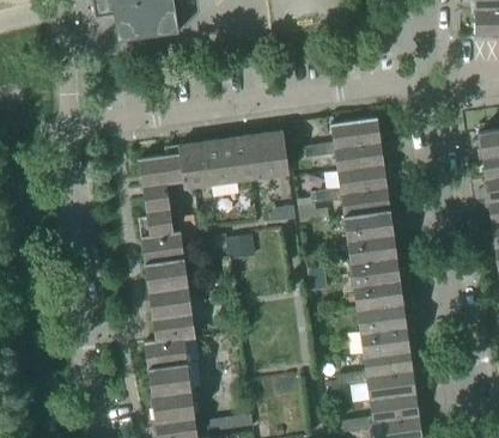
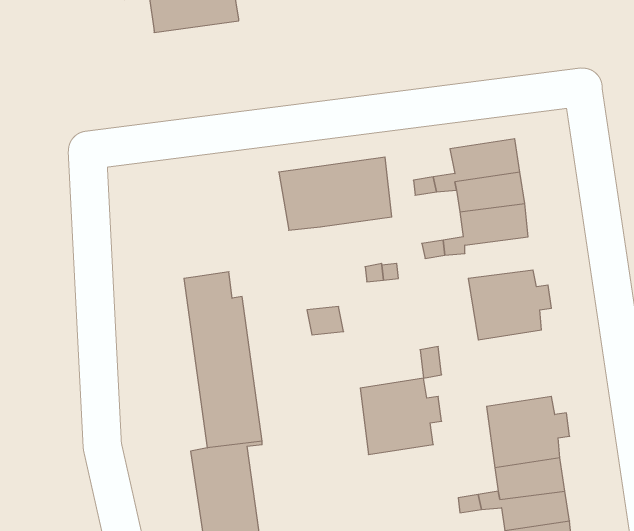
building: [139,141,214,217] -> none
building: [341,188,390,218] -> none
building: [351,255,409,310] -> [360,378,442,455]

